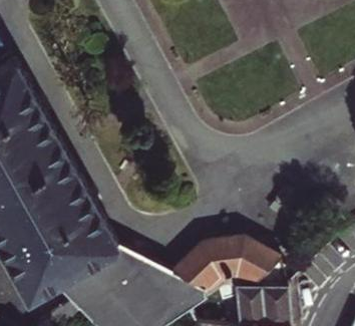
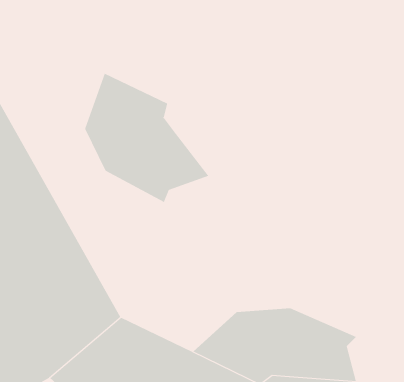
building: none -> [85,73,209,203]

